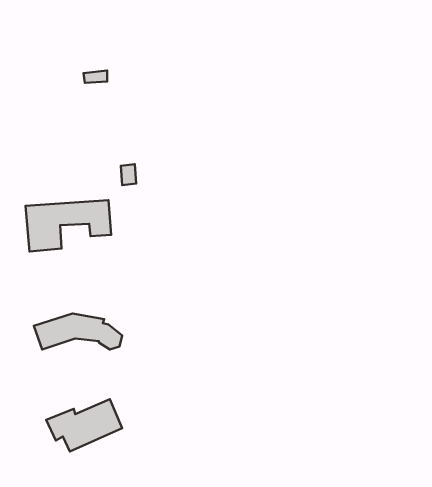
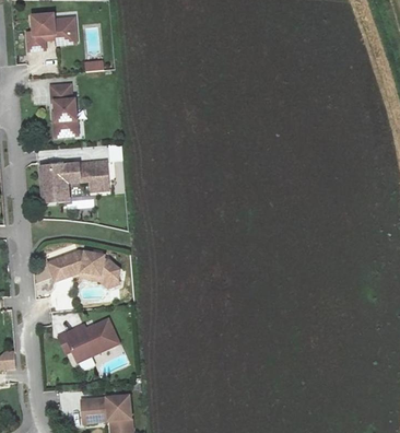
building: none -> [26,14,71,51]
building: none -> [50,85,75,138]

